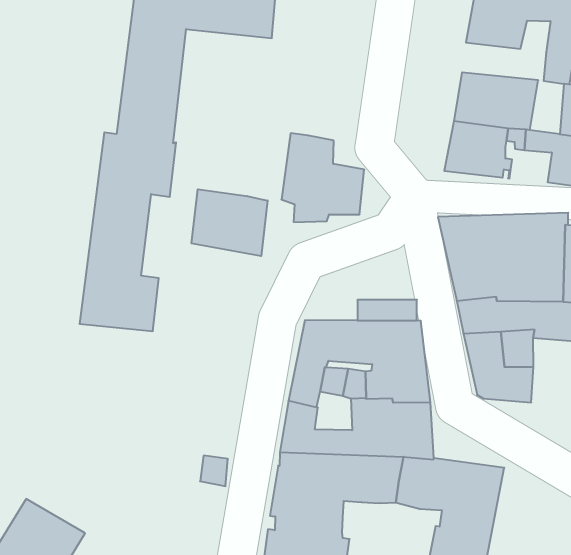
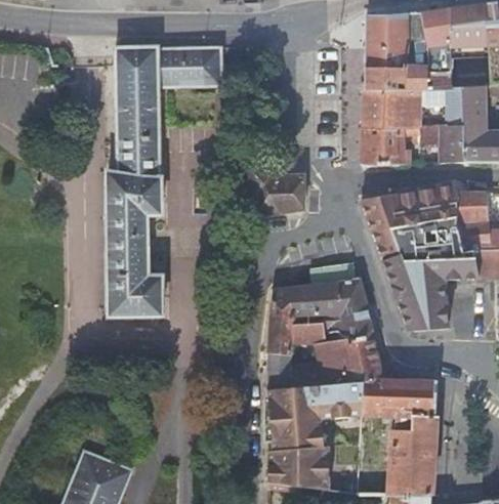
building: none -> [366,67,427,90]
building: [192,189,268,256] -> none

